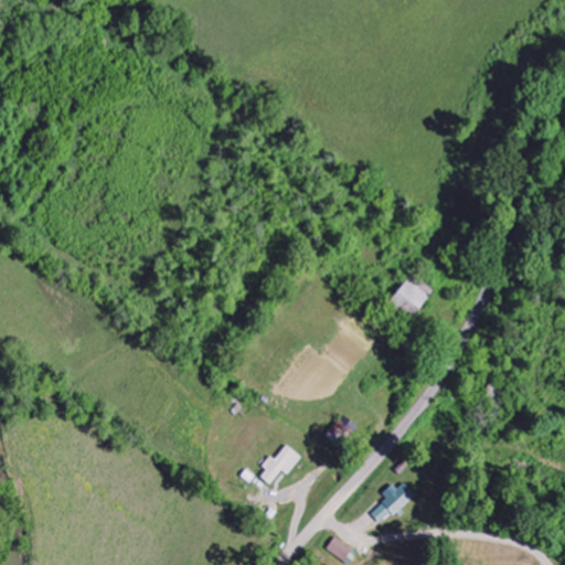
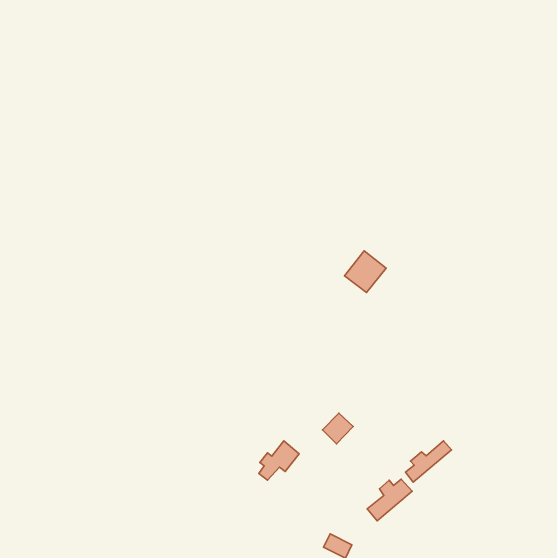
building: [386,278,428,320] -> [345,251,386,292]
building: none -> [405,441,452,482]

